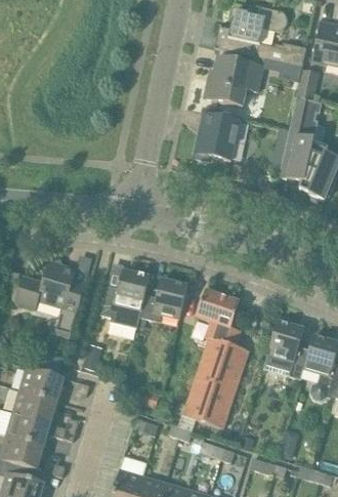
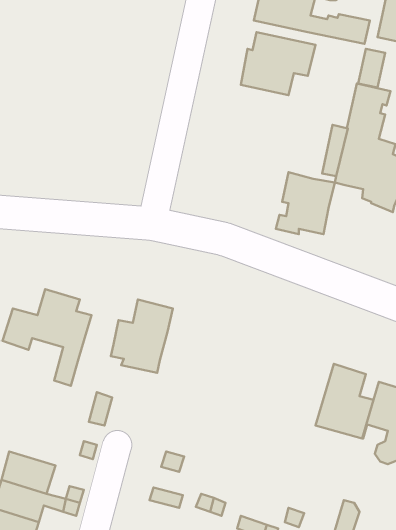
building: [193,111,240,160] -> [276,172,335,234]
building: [139,278,187,321] -> none
building: [183,288,248,427] -> none
building: [19,367,64,401] -> none

